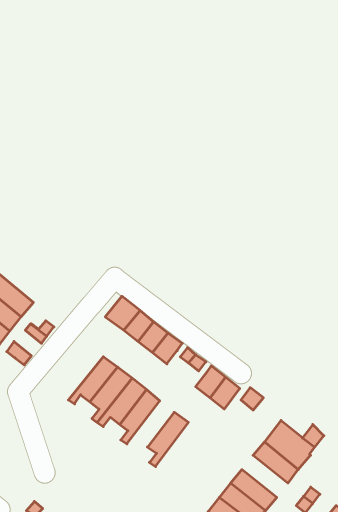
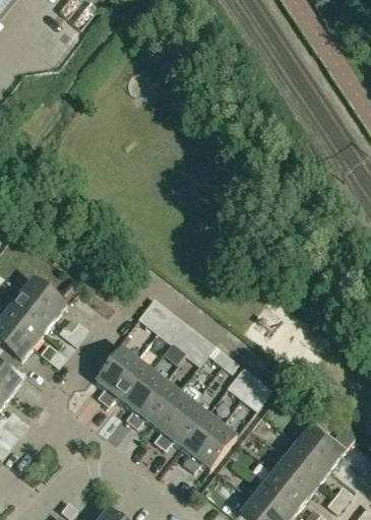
building: none -> [95,345,136,400]
building: none -> [160,401,206,448]
building: none -> [188,422,236,470]
building: none -> [273,455,319,497]

